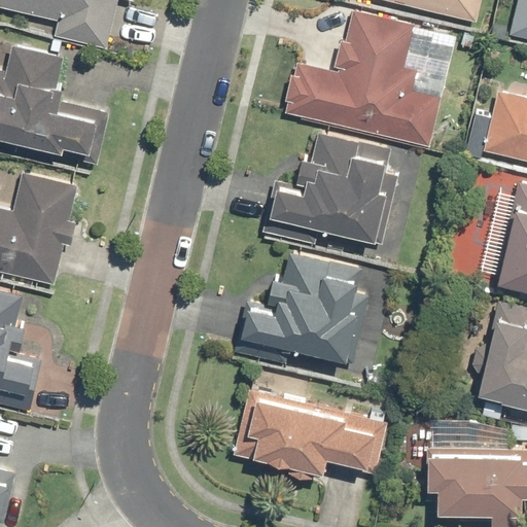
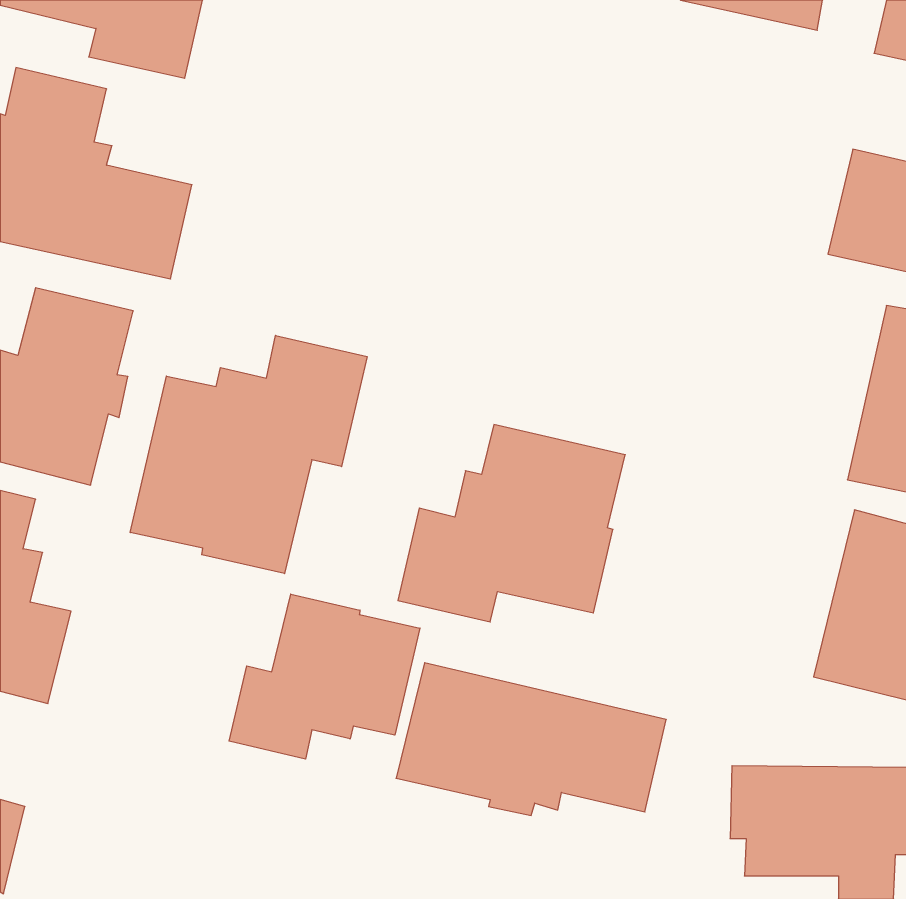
building: [283,10,456,148] -> none
building: [259,132,398,246] -> none
building: none -> [130,335,367,574]
building: none -> [229,594,420,759]

